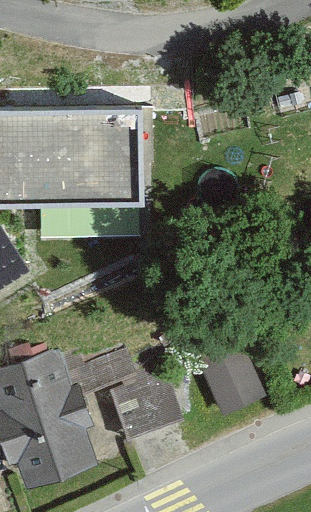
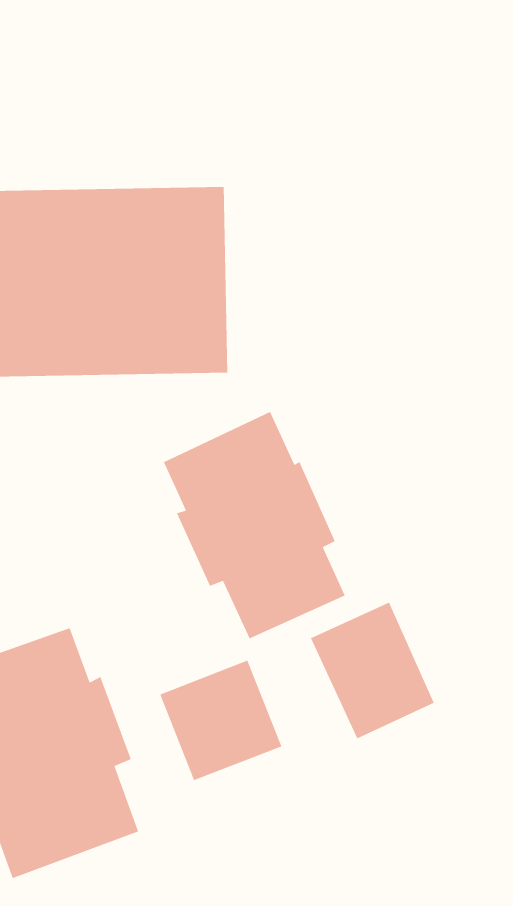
building: none -> [163,411,346,640]

